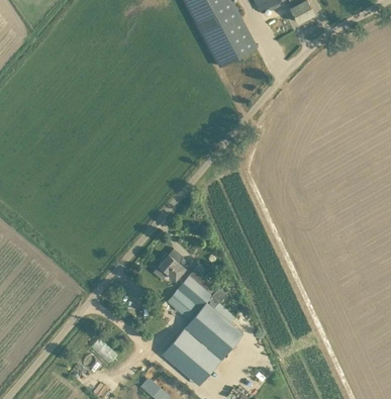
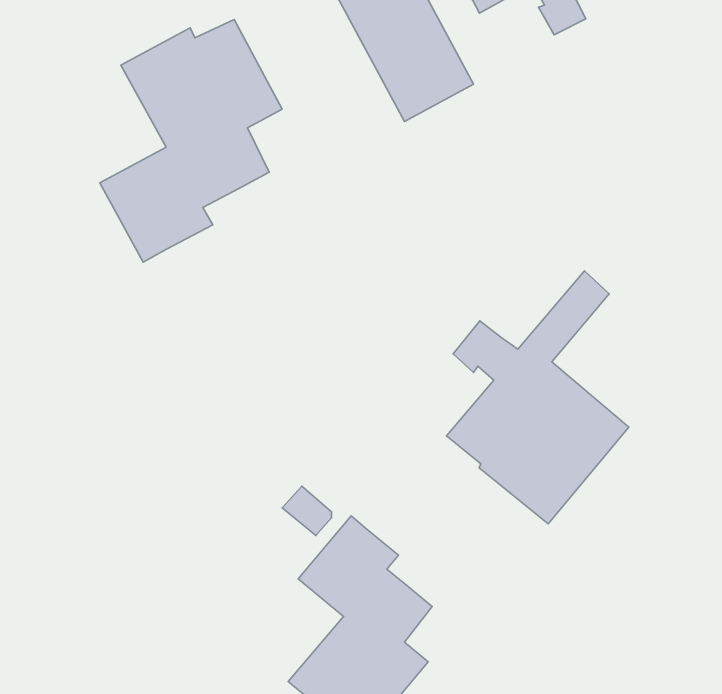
building: none -> [100,20,282,262]
building: none -> [446,271,629,524]

